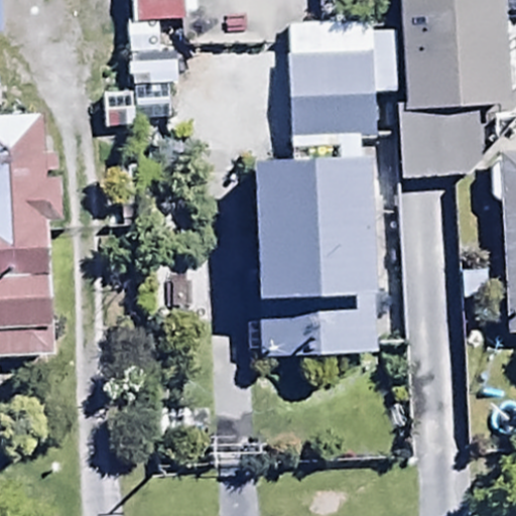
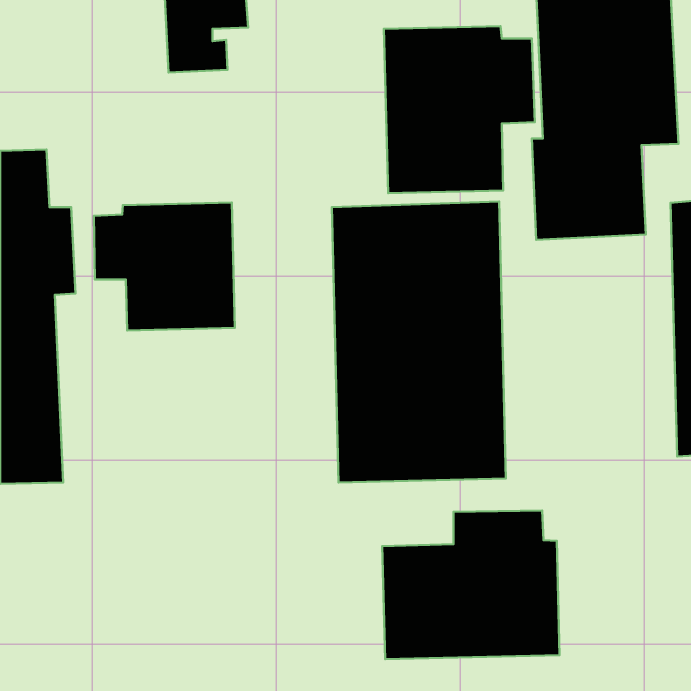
building: none -> [94,202,235,331]
building: none -> [382,511,560,659]

